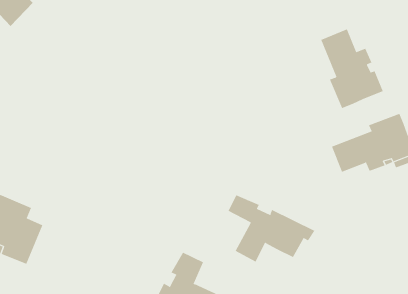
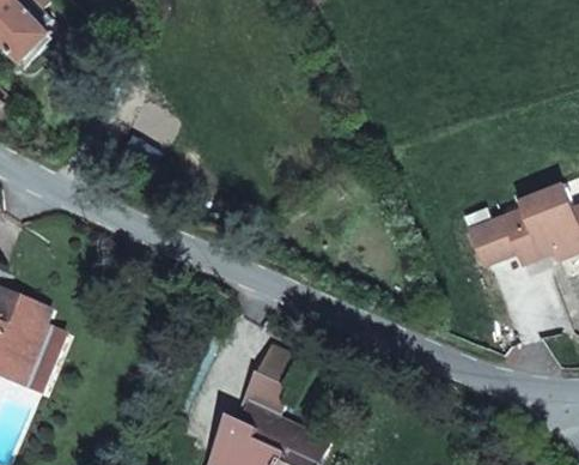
building: [320,29,383,109] -> none
building: [228,195,315,263] -> none

